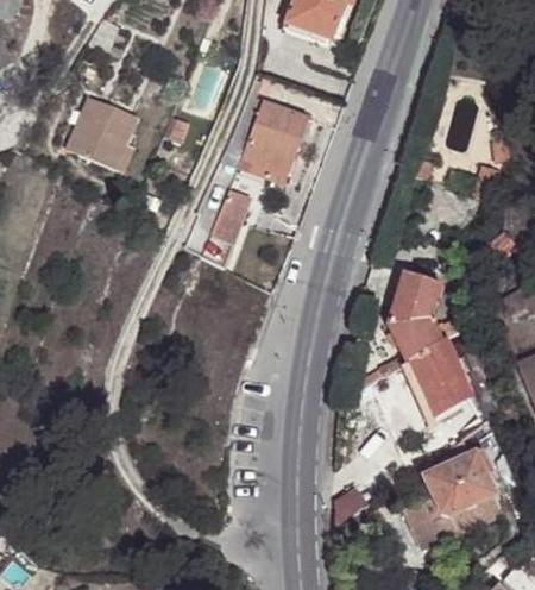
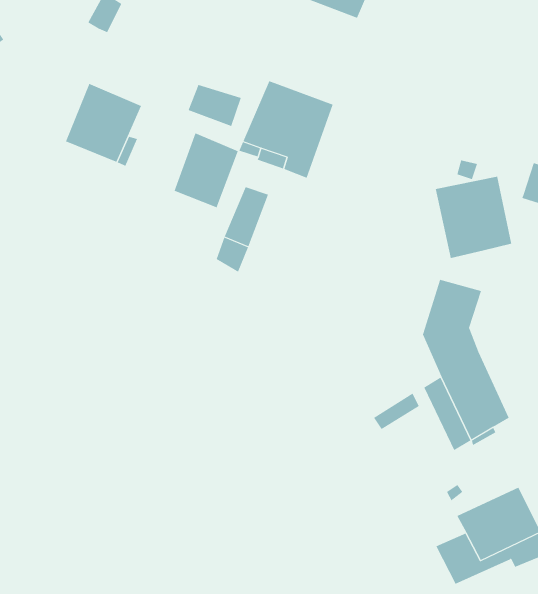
building: none -> [188,84,241,127]
building: none -> [174,133,238,208]
building: none -> [435,176,512,259]

